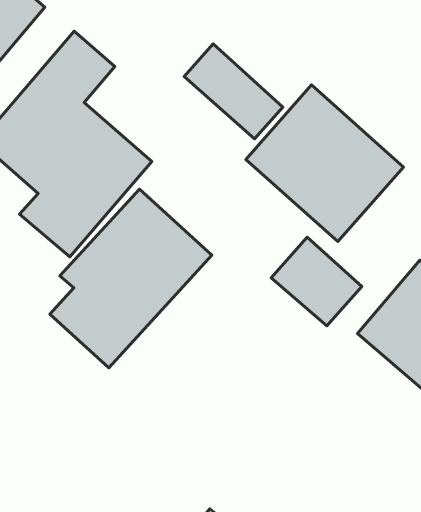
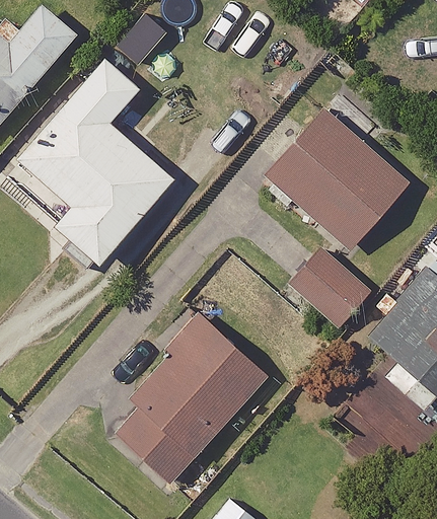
building: [184,44,283,139] -> none
building: [50,189,212,368] -> [117,315,267,480]

